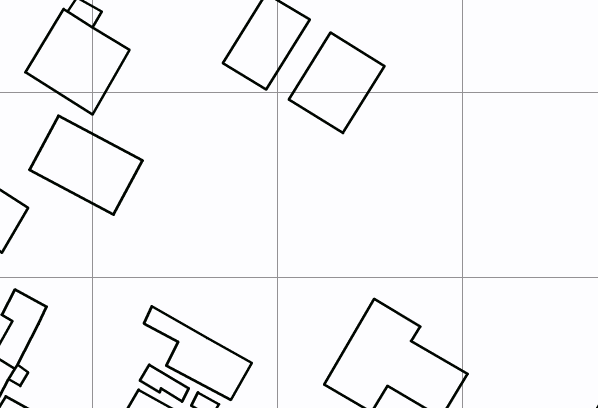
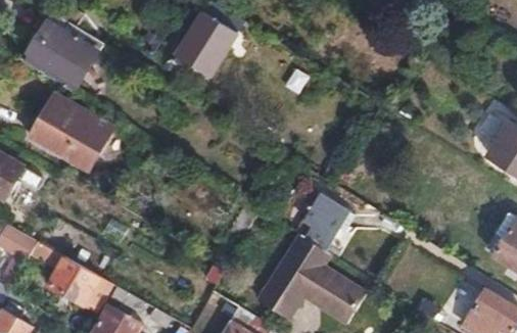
building: [289,33,384,133] -> none
building: none -> [302,193,346,237]
building: [144,306,252,400] -> [31,242,114,315]

